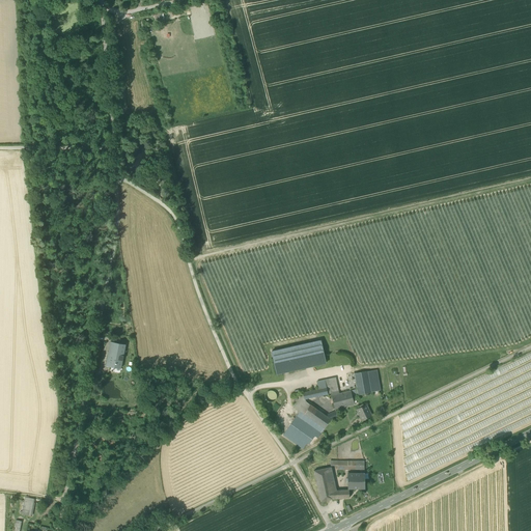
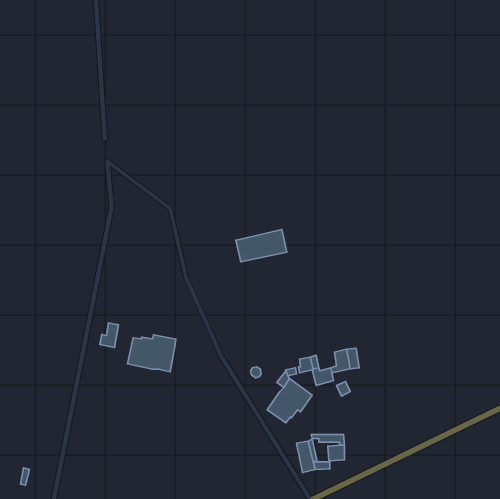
building: [272,339,326,373] -> [236,230,287,262]
building: none -> [127,335,176,372]

